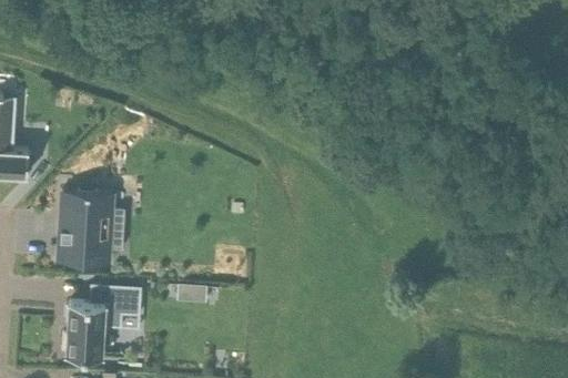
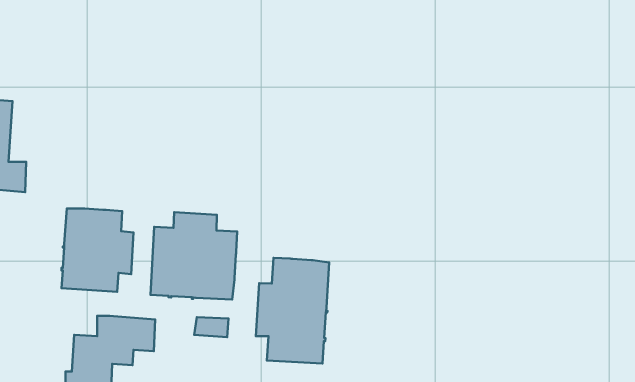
building: none -> [150,212,237,299]
building: none -> [256,258,329,364]

